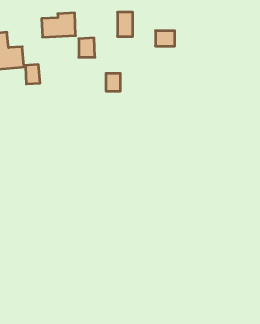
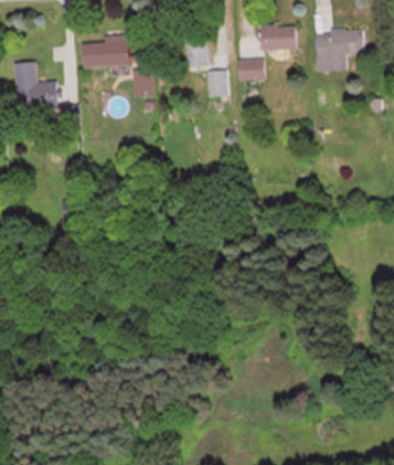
building: none -> [260,24,296,49]
building: none -> [317,29,364,71]
building: [106,73,120,91] -> [209,71,228,95]

